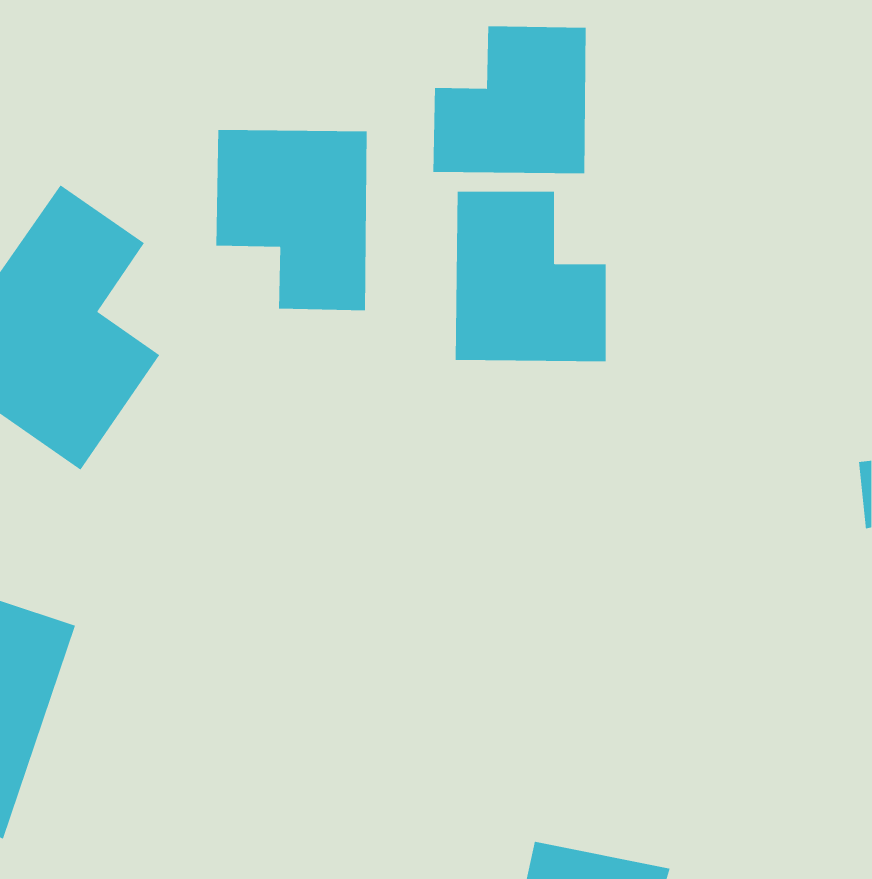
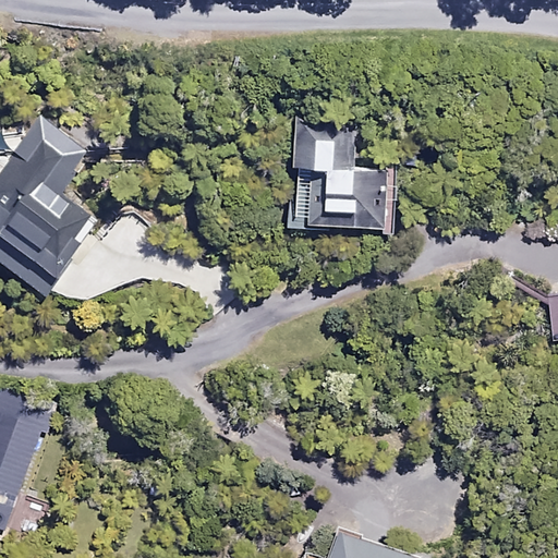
building: [433,25,586,174] -> none
building: [216,129,367,311] -> none

